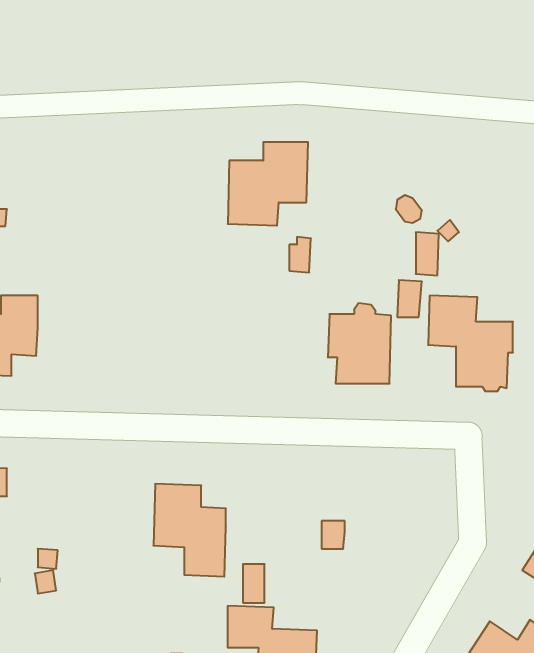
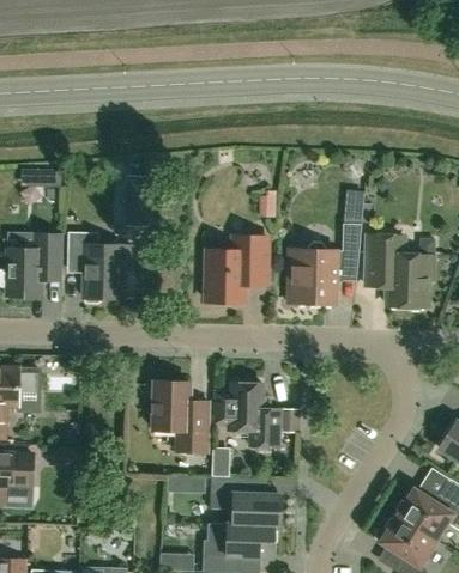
building: [228,142,308,226] -> [205,238,267,303]
building: none -> [67,233,129,303]
building: none -> [213,380,279,446]

